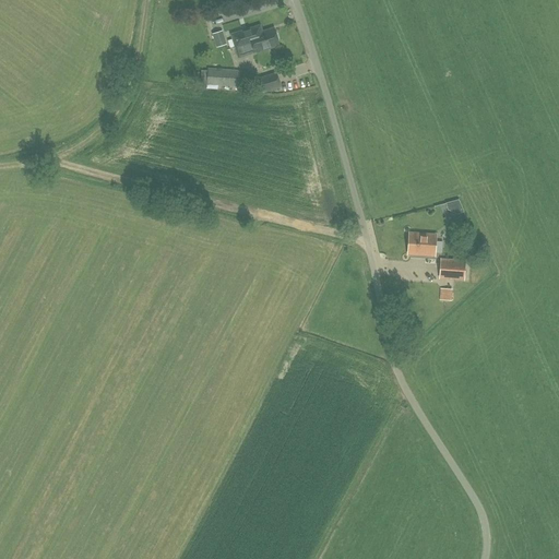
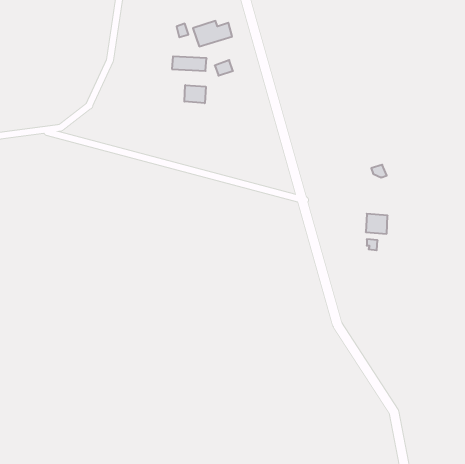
building: none -> [184,85,206,103]
building: [408,233,436,254] -> none

